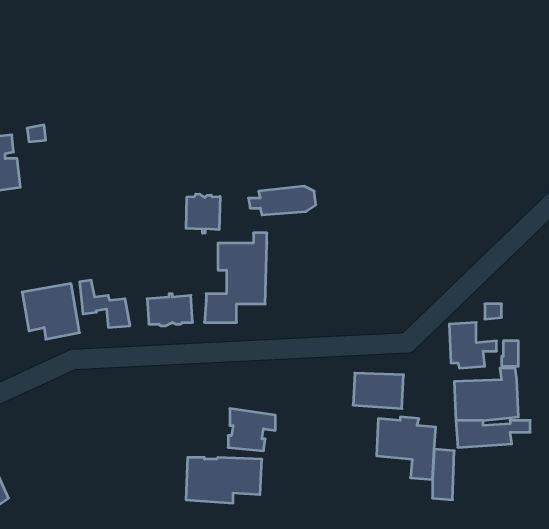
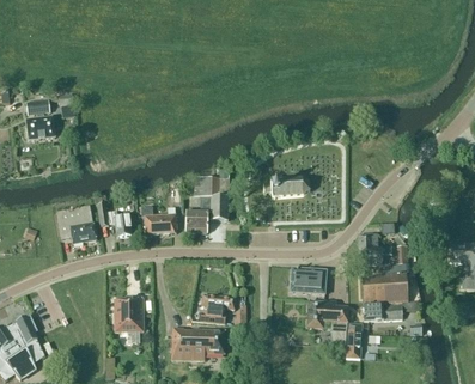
building: [248,186,316,215] -> [262,177,310,197]
building: [186,194,220,233] -> none
building: none -> [114,299,142,333]

